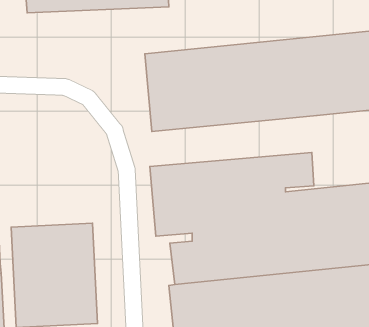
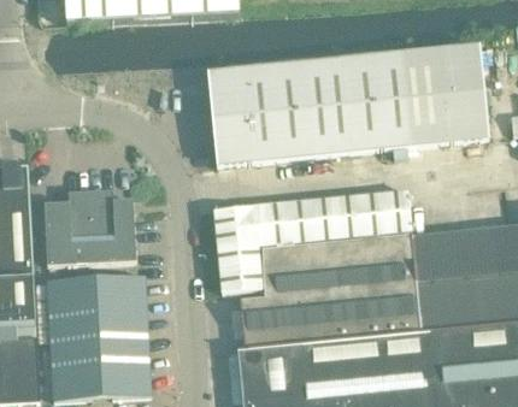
building: none -> [45,188,136,266]

